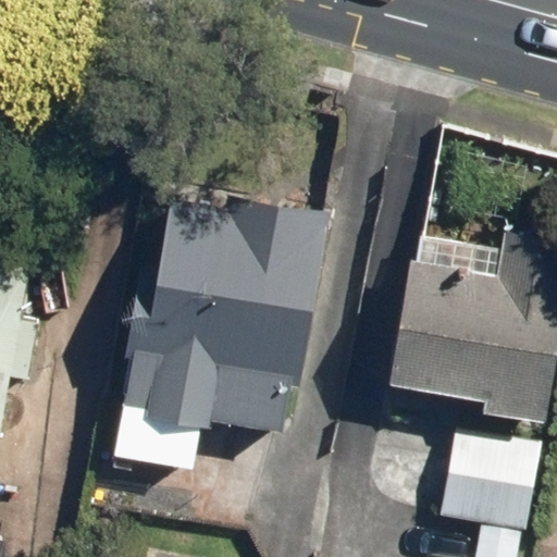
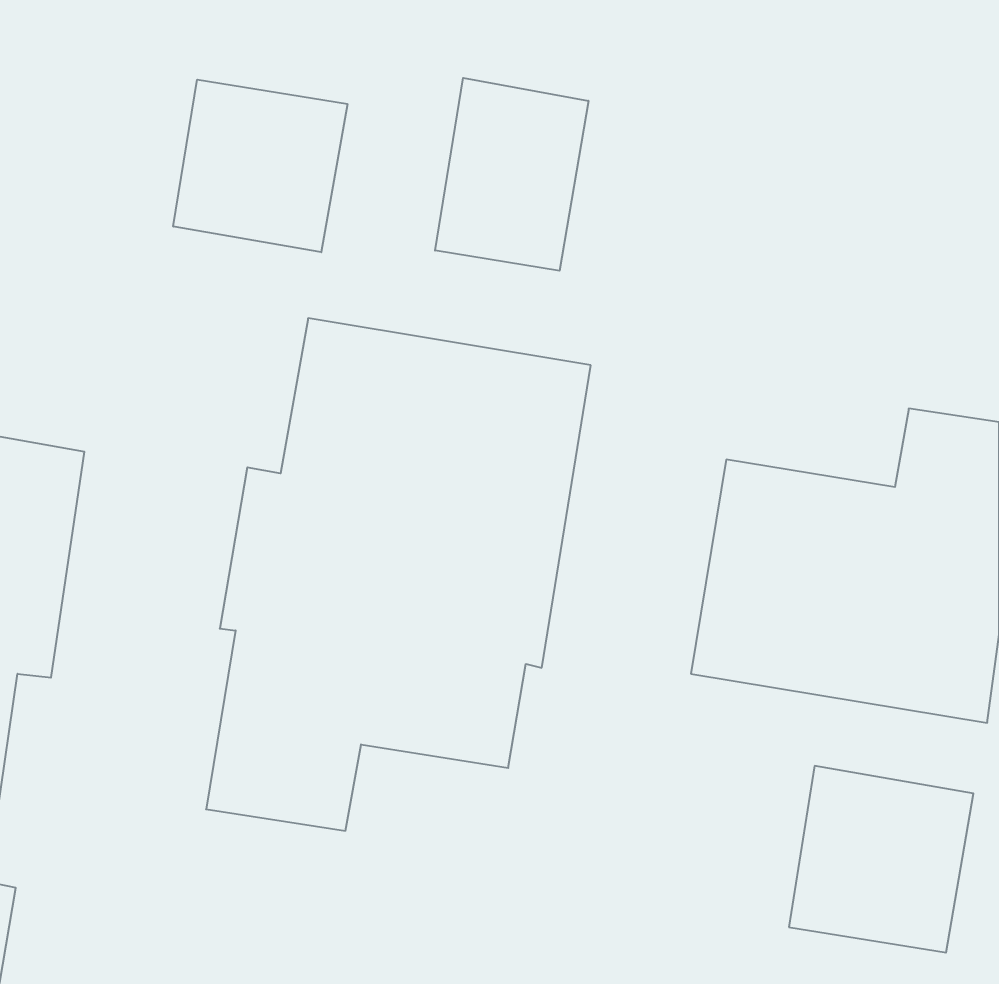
building: none -> [435,78,588,271]
building: none -> [173,80,347,252]

